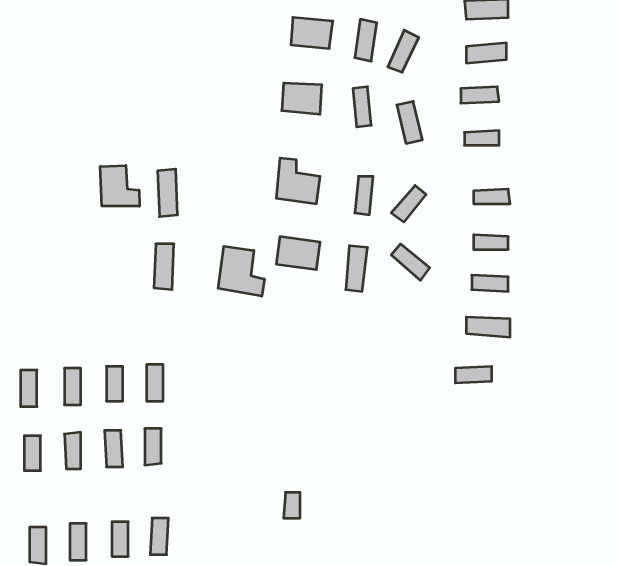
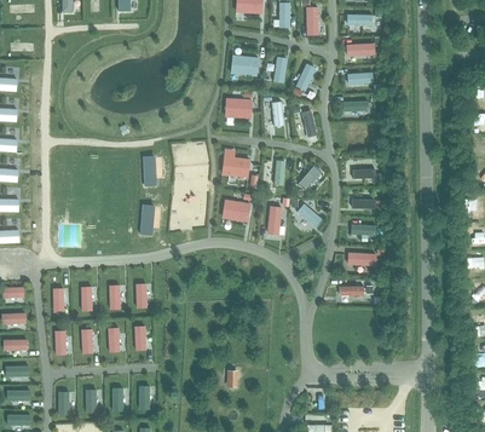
building: [100,165,139,206] -> none
building: [218,246,264,296] -> none

